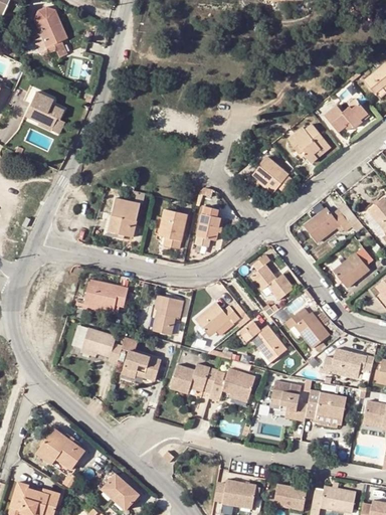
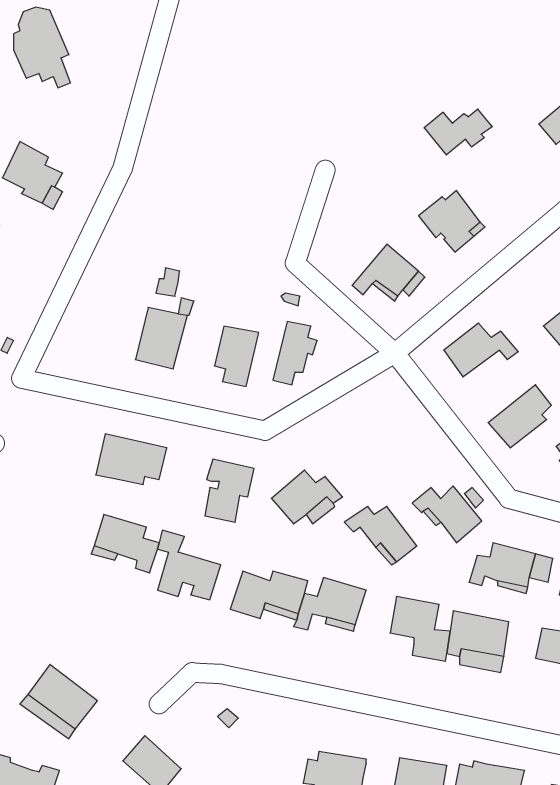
building: [325,103,368,132] -> [424,109,492,155]
building: [250,254,294,299] -> none

